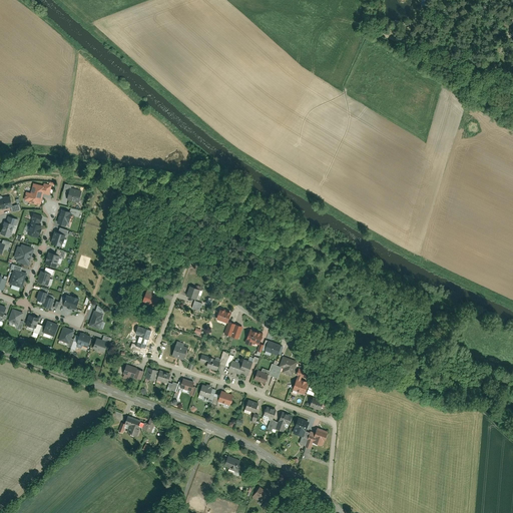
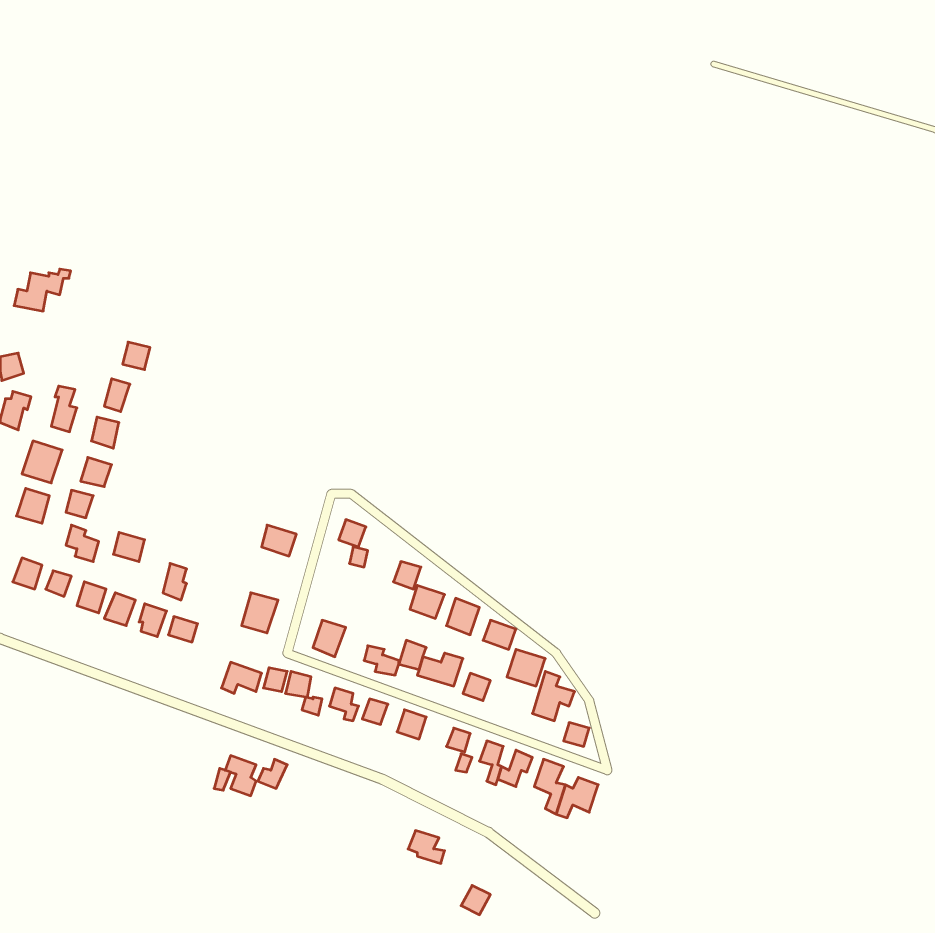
building: [24,181,55,204] -> [14,269,71,311]

